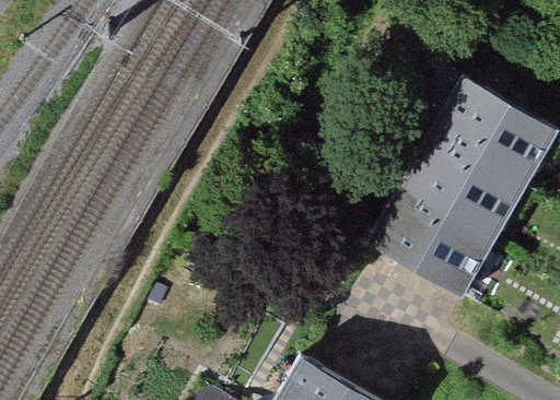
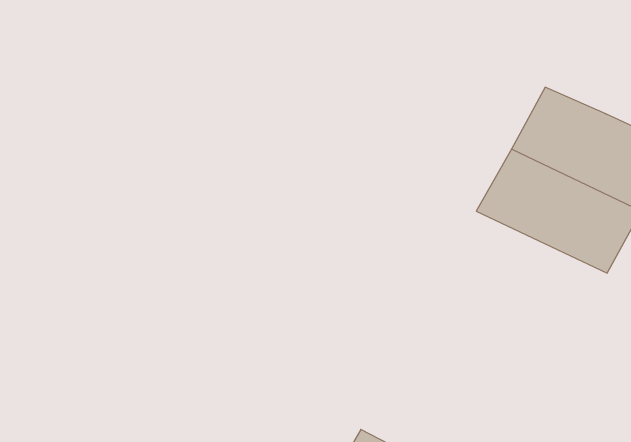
building: [370,193,494,286] -> none

